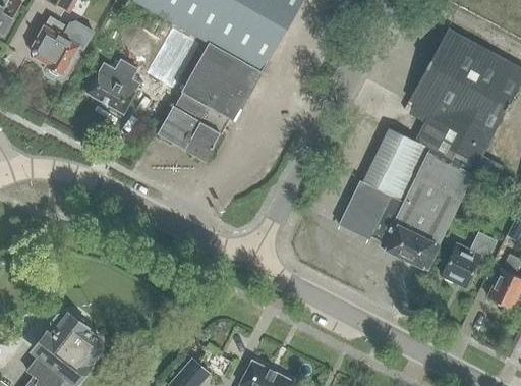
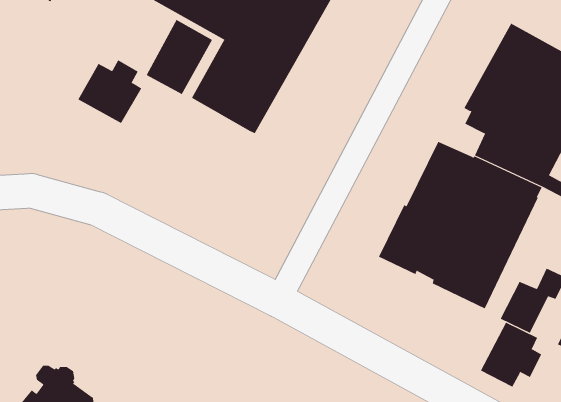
building: [32,16,94,75] -> none
building: [158,92,230,162] -> none
building: none -> [480,322,542,388]

